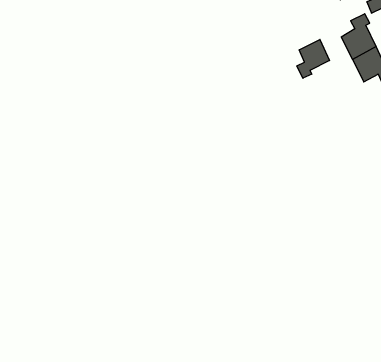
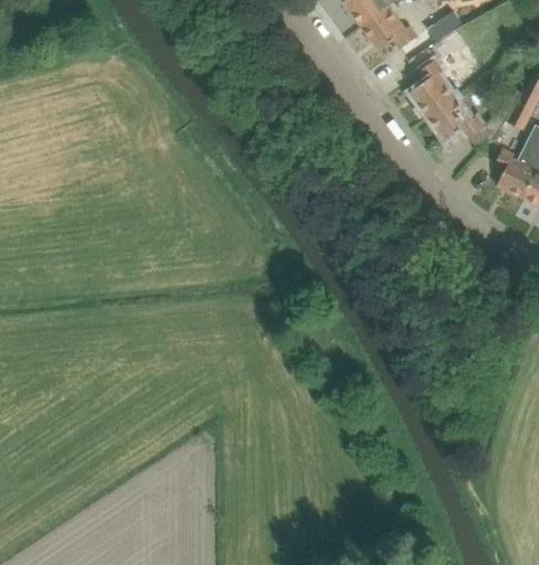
building: [297,39,329,78] -> none

